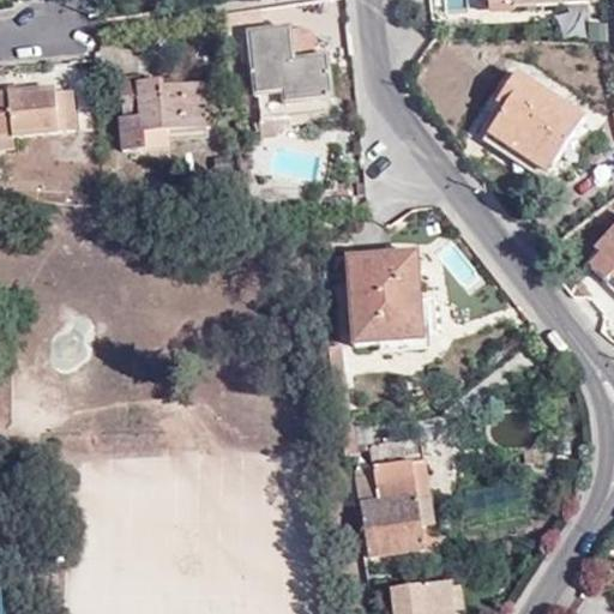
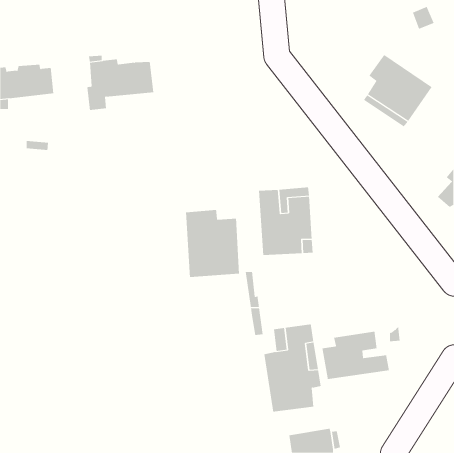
building: [253,30,326,116] -> none
building: none -> [186,209,240,278]
building: none -> [322,331,389,380]

